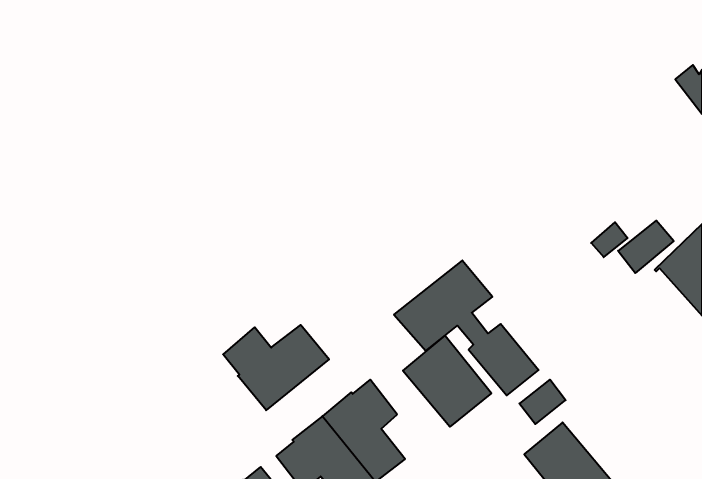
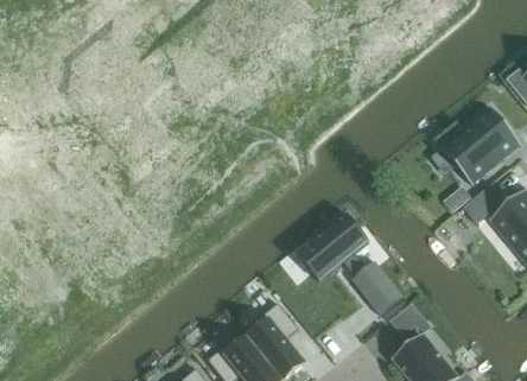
building: none -> [440,106,520,185]
building: [223,325,329,410] -> none
building: [403,335,491,427] -> none

